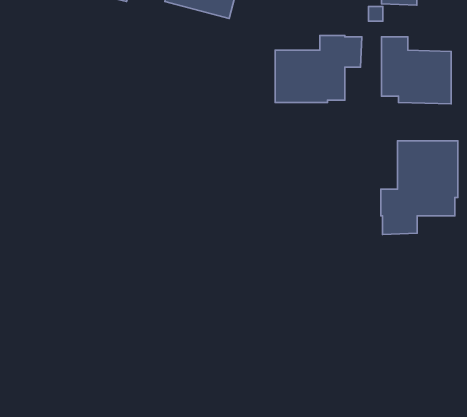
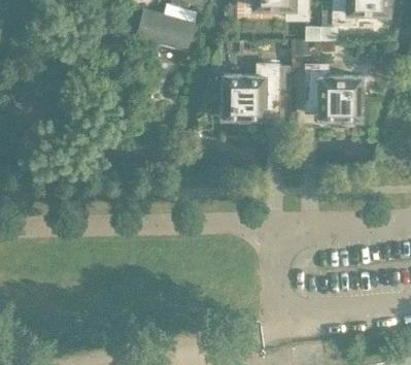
building: [381,141,458,234] -> none

